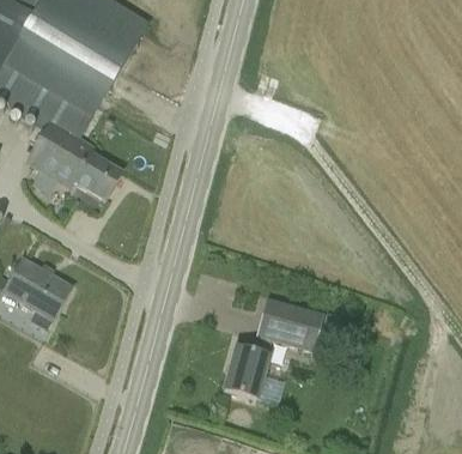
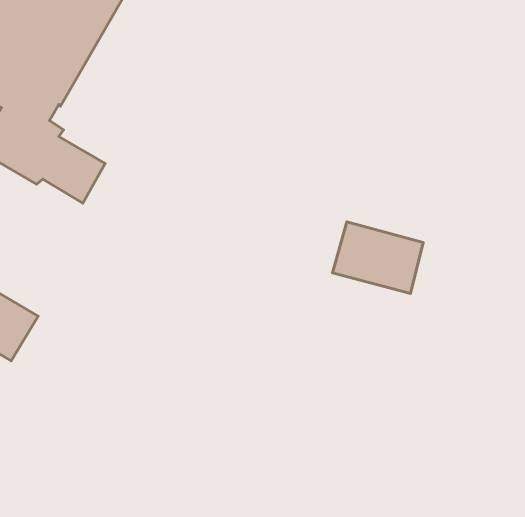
building: [254,297,322,351] -> [333,222,423,293]
building: [224,346,268,398] -> none

